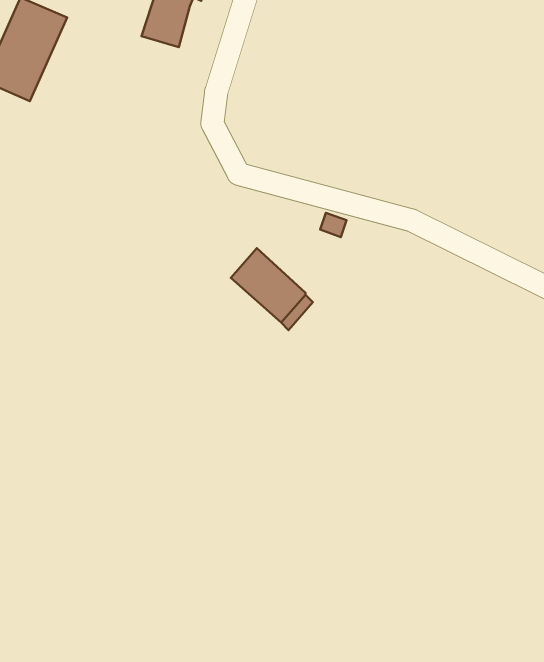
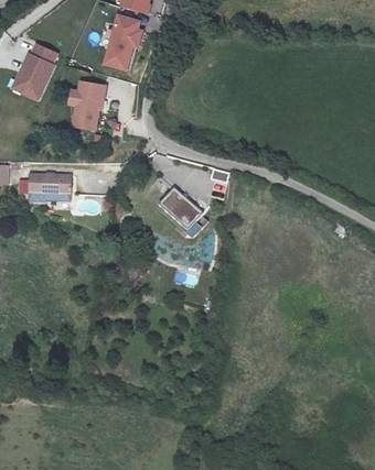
building: none -> [76,80,107,128]
building: none -> [26,178,69,203]

